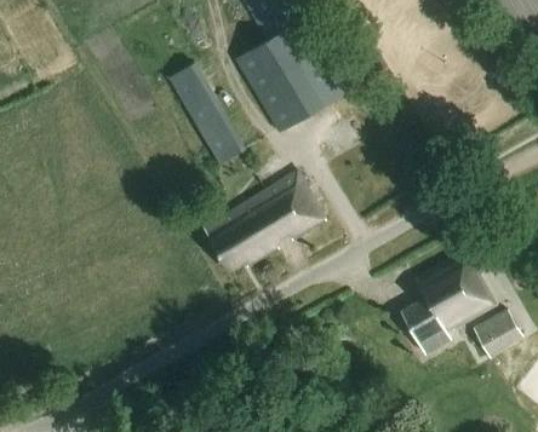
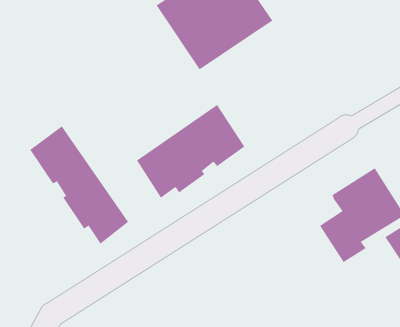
building: [168,63,242,163] -> none
building: none -> [29,125,129,245]

